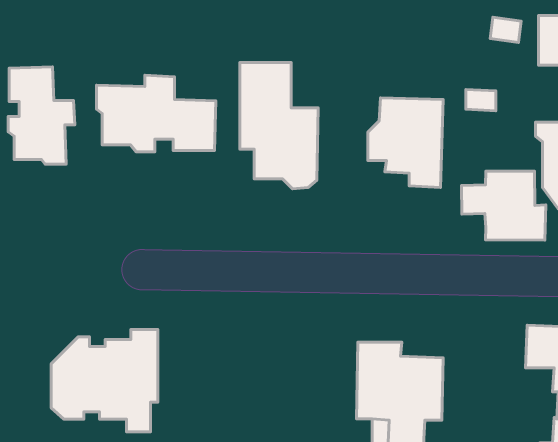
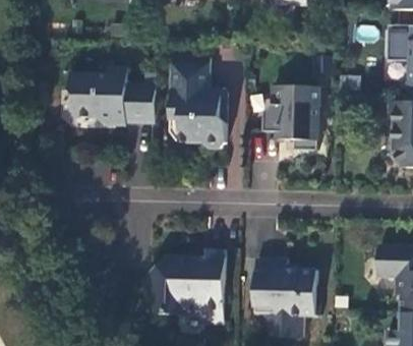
building: [8,67,75,164] -> none
building: [461,171,546,240] -> none
building: [51,330,158,432] -> [152,253,228,327]

